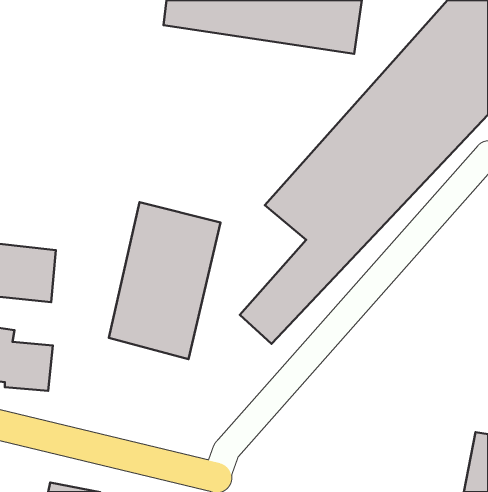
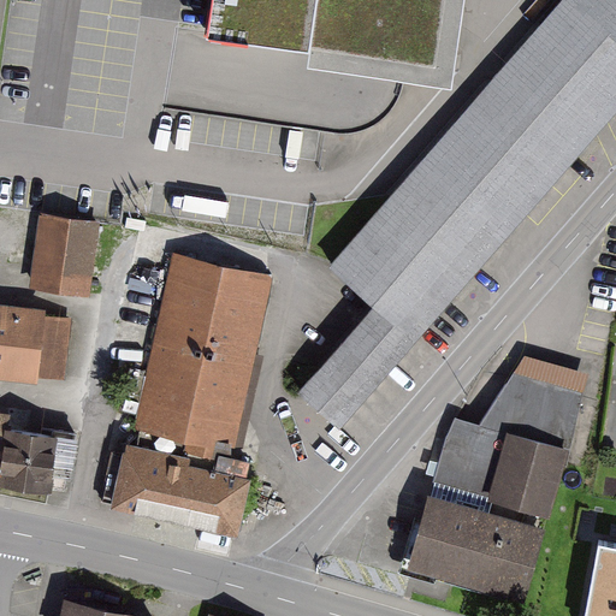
building: none -> [31,218,103,295]
building: none -> [405,357,582,605]
building: none -> [106,444,247,531]

